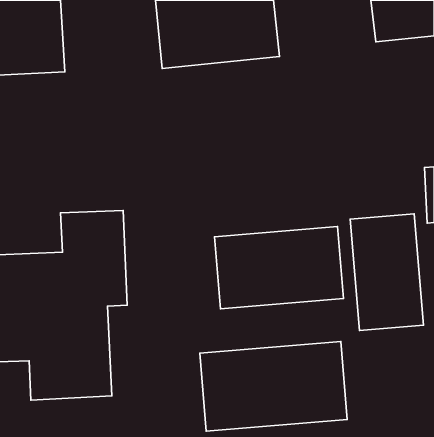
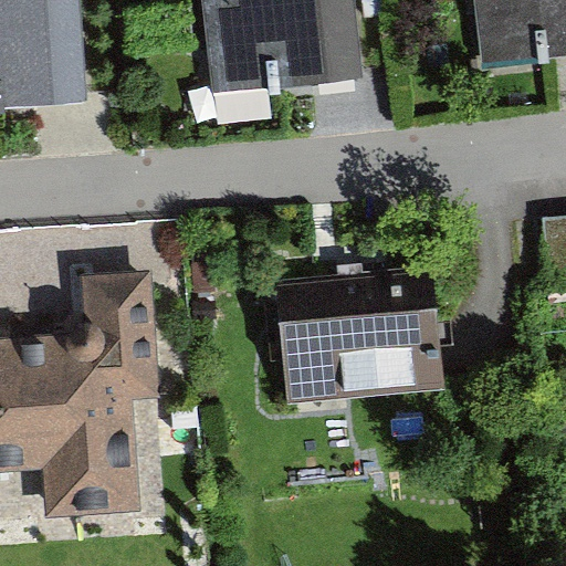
building: [350,214,423,330] -> none
building: [200,341,347,431] -> none

